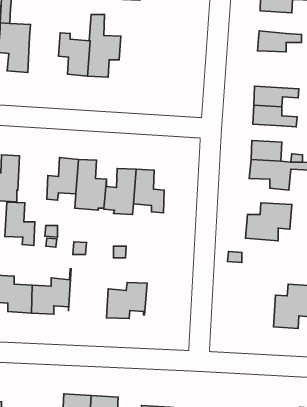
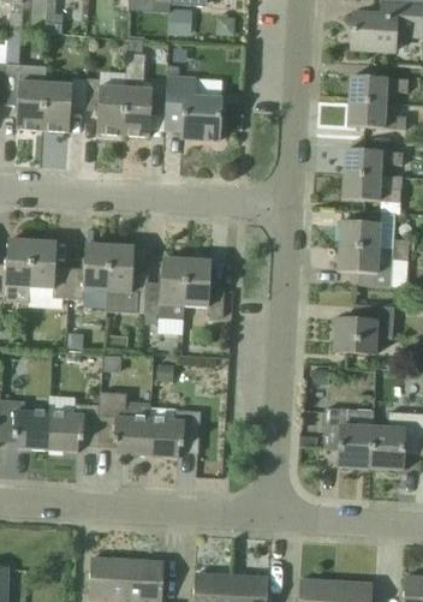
building: none -> [165,65,222,139]
building: none -> [43,77,87,131]
building: none -> [347,101,406,129]
building: [5,202,35,245] -> [30,240,70,298]
building: none -> [97,391,150,455]
building: none -> [323,406,373,467]

